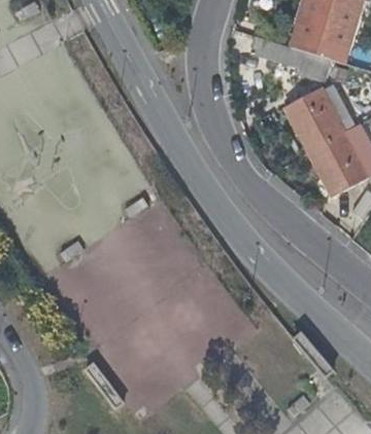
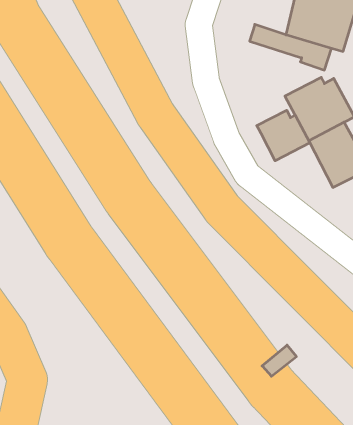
building: none -> [257,110,310,161]

